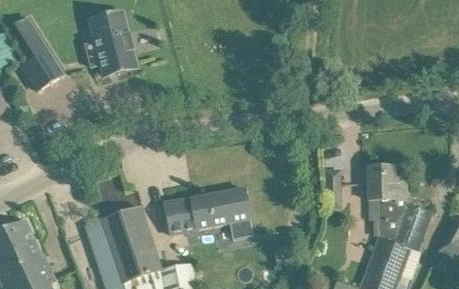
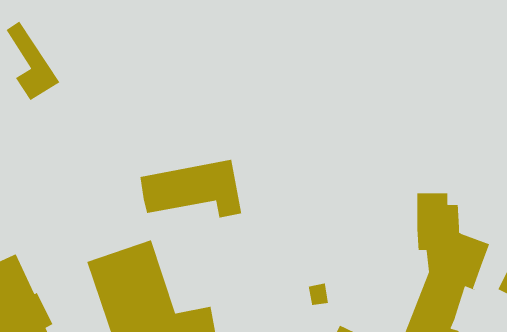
building: [82,8,138,78] -> none
building: [165,188,253,239] -> [139,159,242,219]

